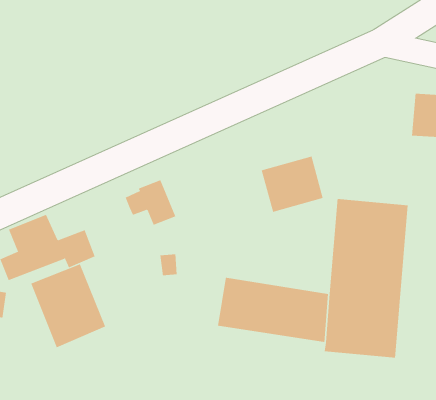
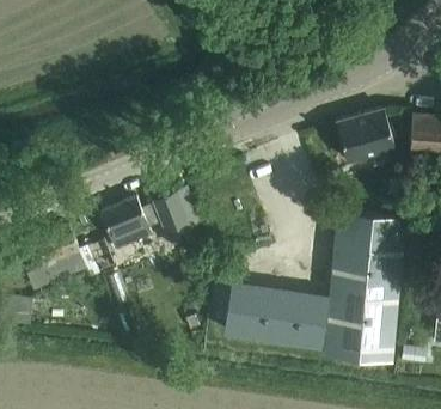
building: [261,156,324,212] -> [336,111,394,164]
building: none -> [100,199,151,251]
building: [31,263,106,348] -> none

